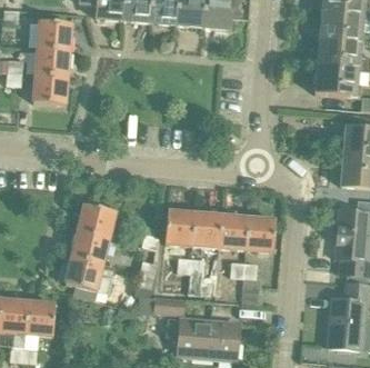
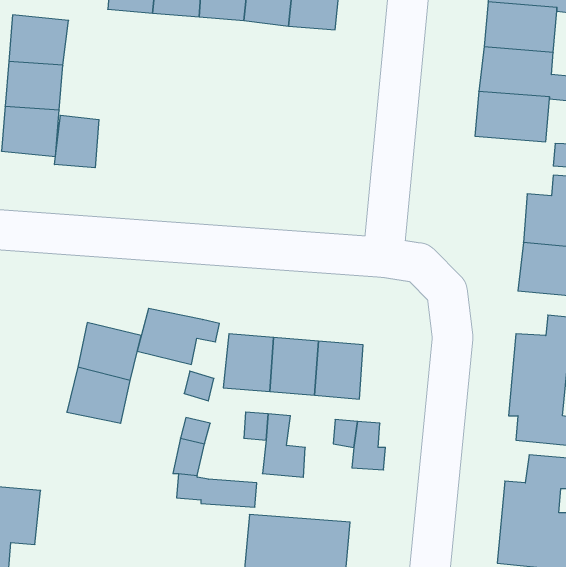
building: none -> [55,115,99,168]
building: [246,217,276,251] -> none
building: [64,257,113,290] -> [137,308,219,364]

